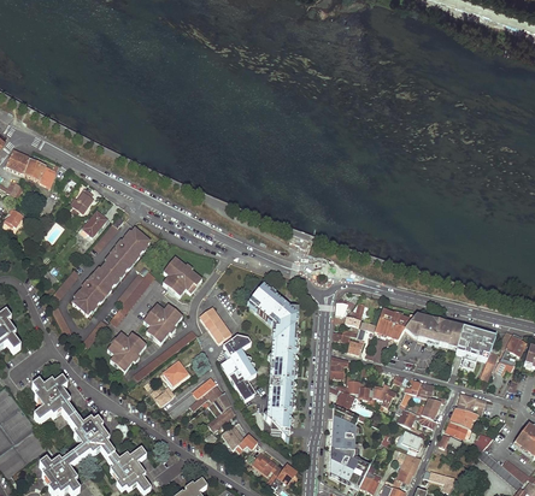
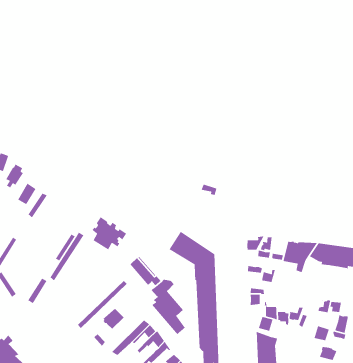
building: [72,229,151,315] -> none
building: [143,303,183,343] -> none
building: [107,332,147,372] -> none

